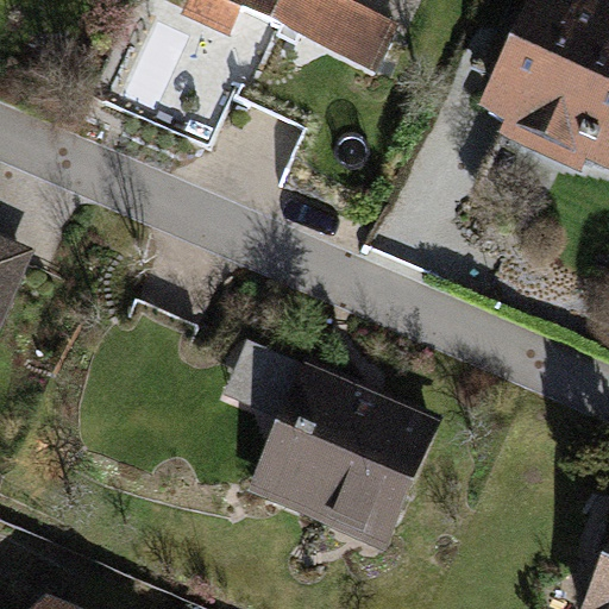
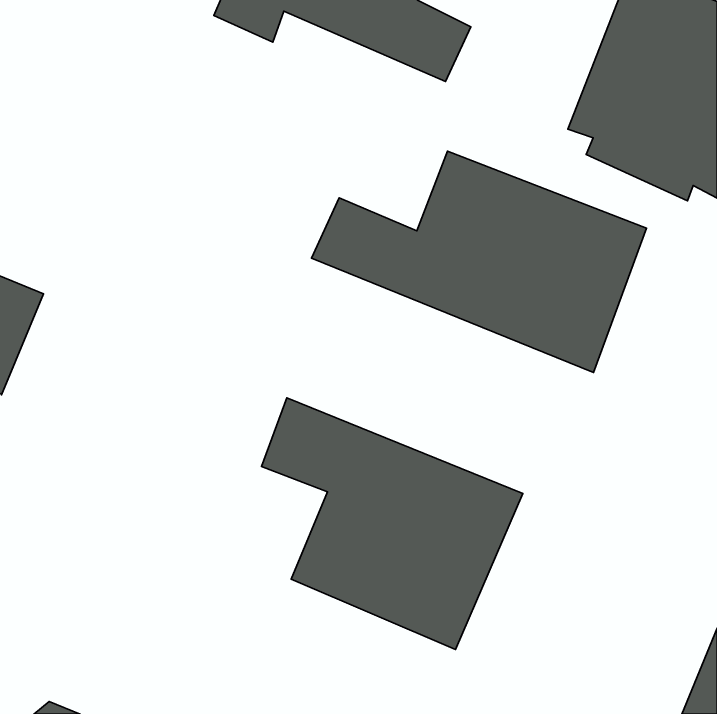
building: none -> [311,151,647,372]

